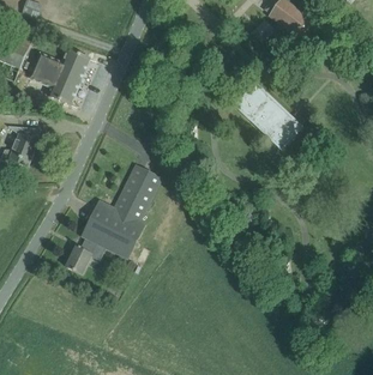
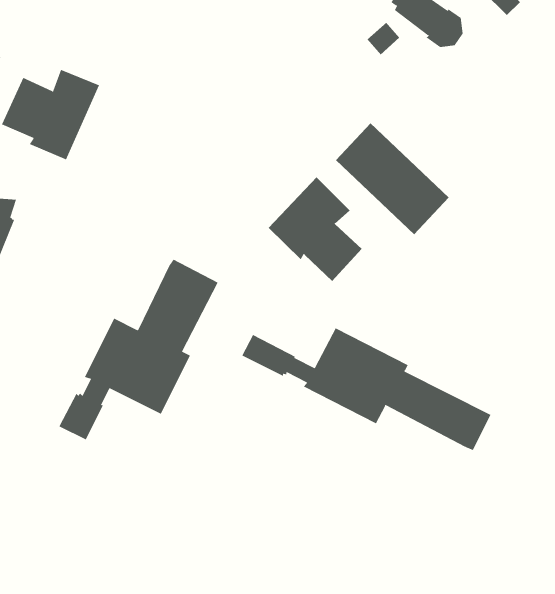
building: none -> [268,176,363,282]
building: none -> [241,327,491,451]

